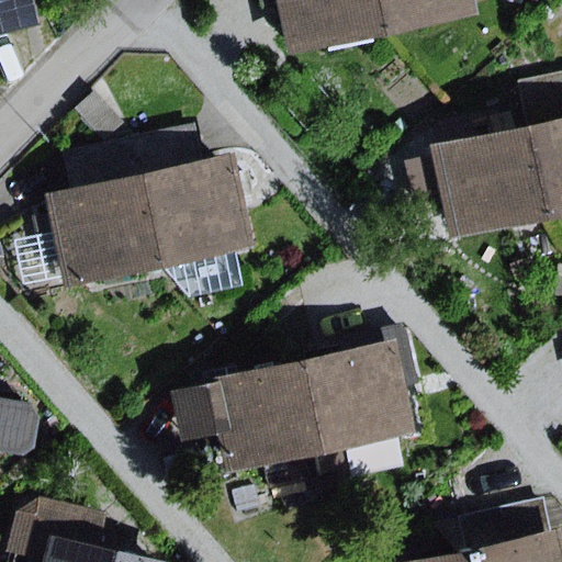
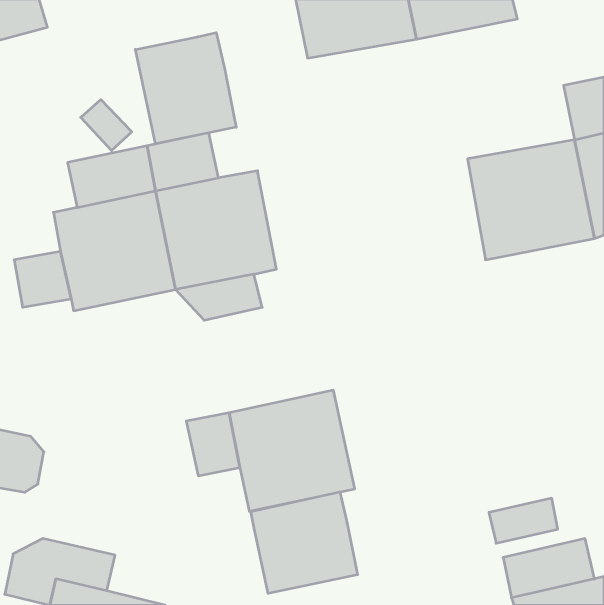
building: none -> [135,33,236,144]
building: [308,341,417,452] -> none
building: none -> [251,492,358,593]

